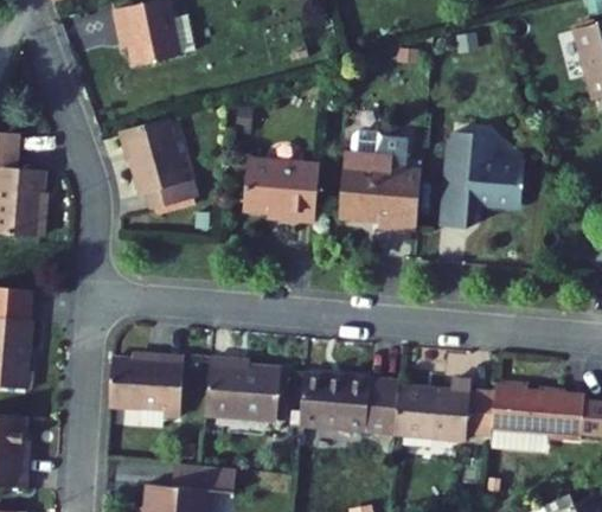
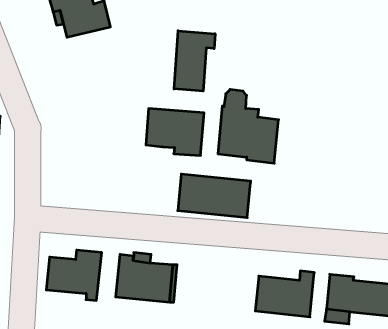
building: none -> [174,31,215,91]
building: [123,114,201,206] -> none
building: [441,134,529,231] -> none
building: [297,375,397,434] -> [178,174,251,218]

